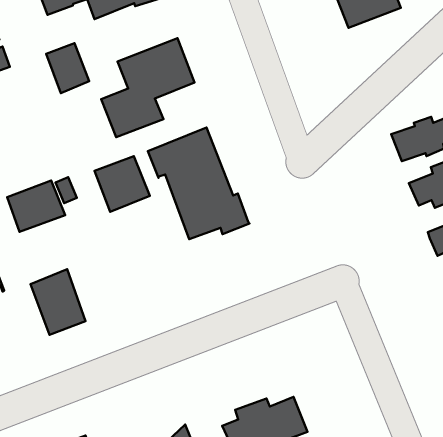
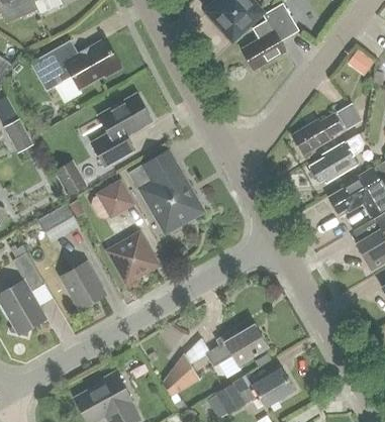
building: [46,43,89,93] -> [54,160,86,195]
building: none -> [108,232,158,282]

